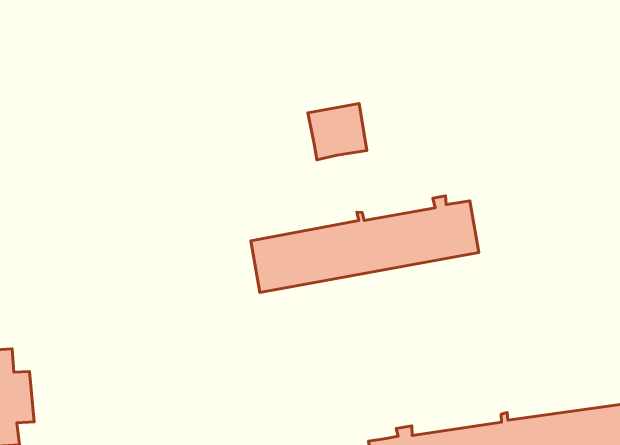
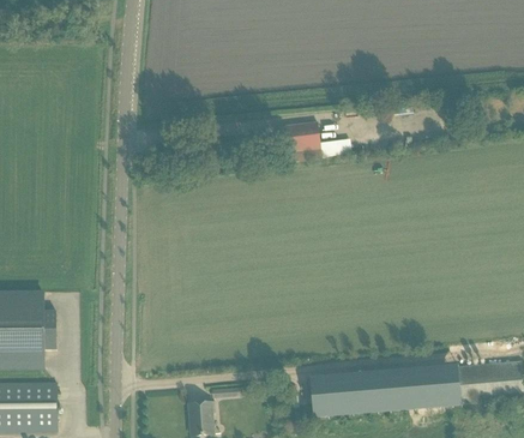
building: [251,196,479,292] -> none

